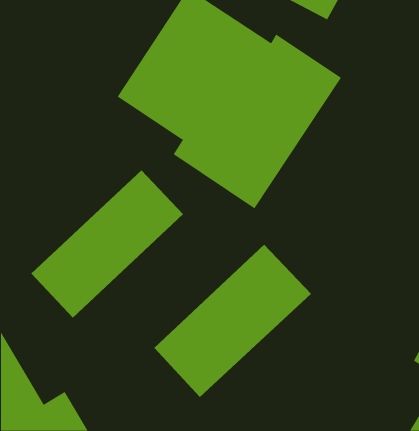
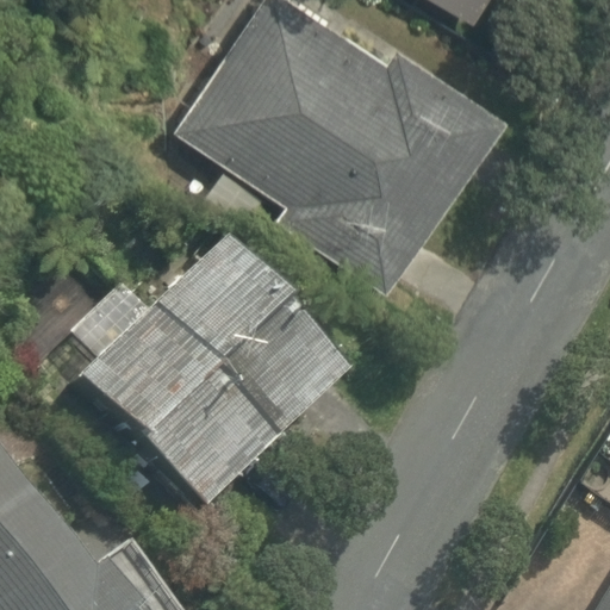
building: [153,244,312,398] -> [122,301,344,518]

